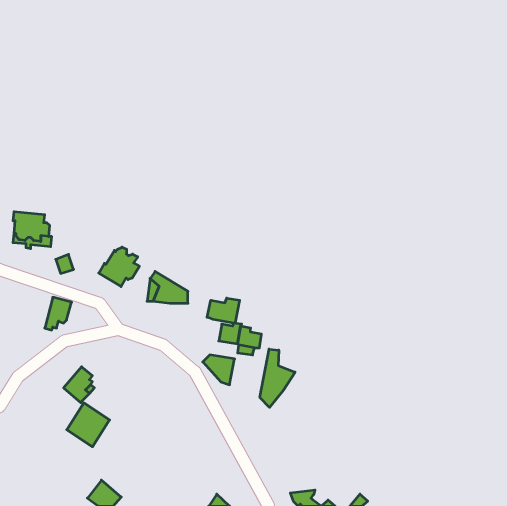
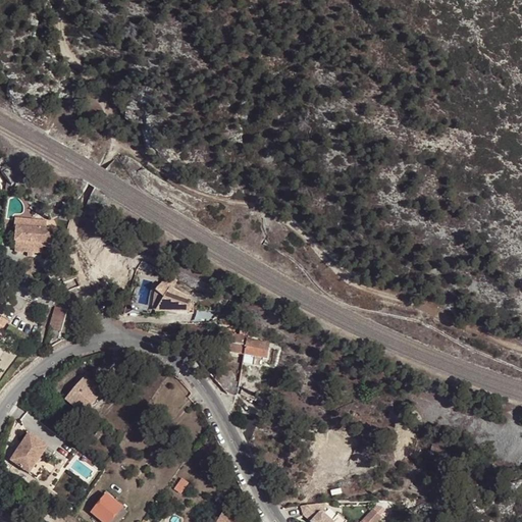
building: [99,247,139,287] -> none
building: [207,298,240,323] -> none
building: [260,349,295,407] -> none
building: [67,403,110,447] -> [7,433,51,478]

